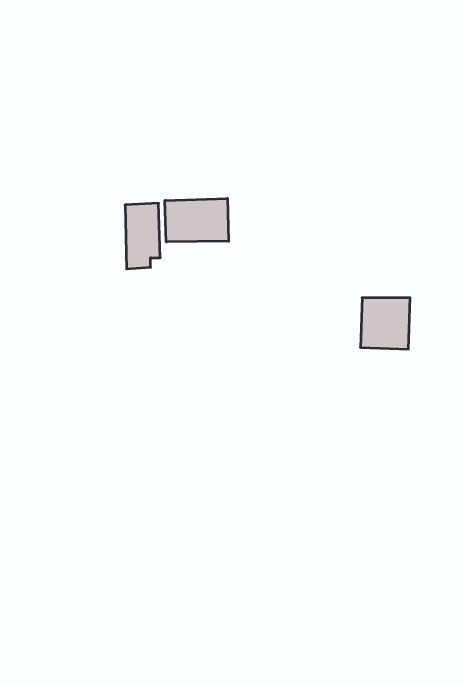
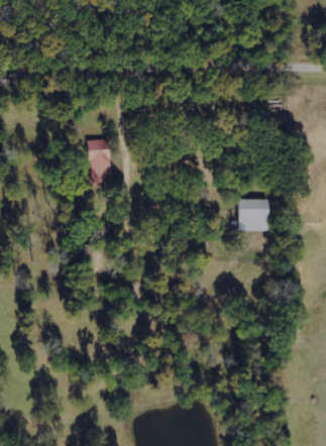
building: [165,198,229,242] -> none

